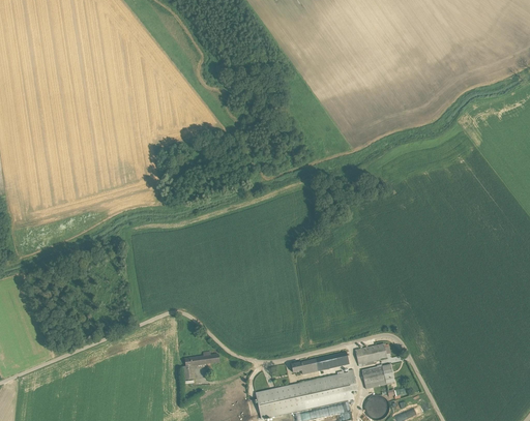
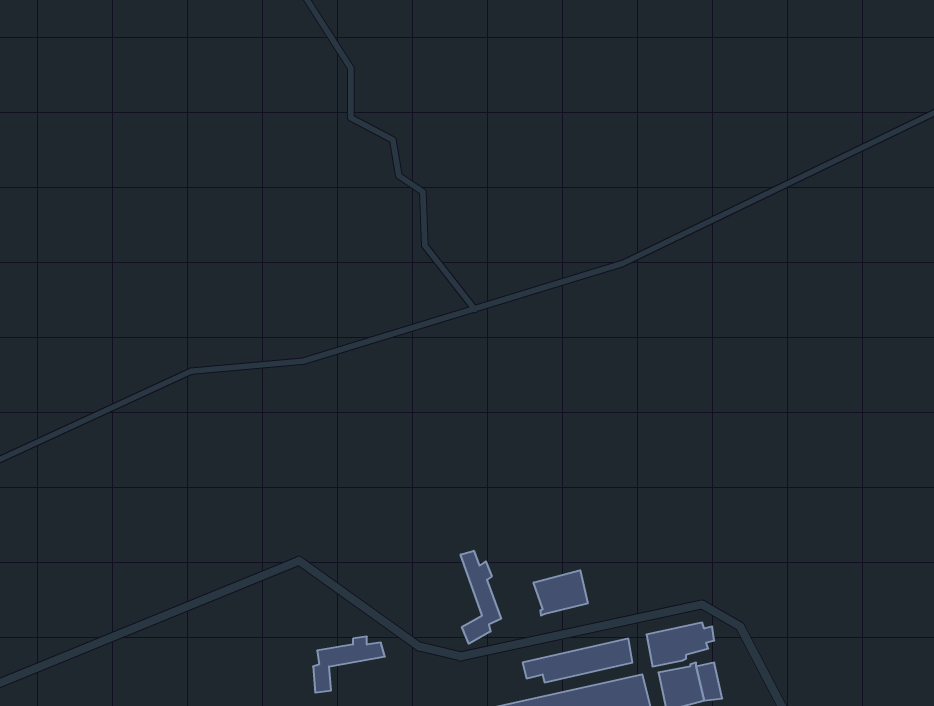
building: none -> [461,551,501,644]
building: none -> [534,570,588,616]

